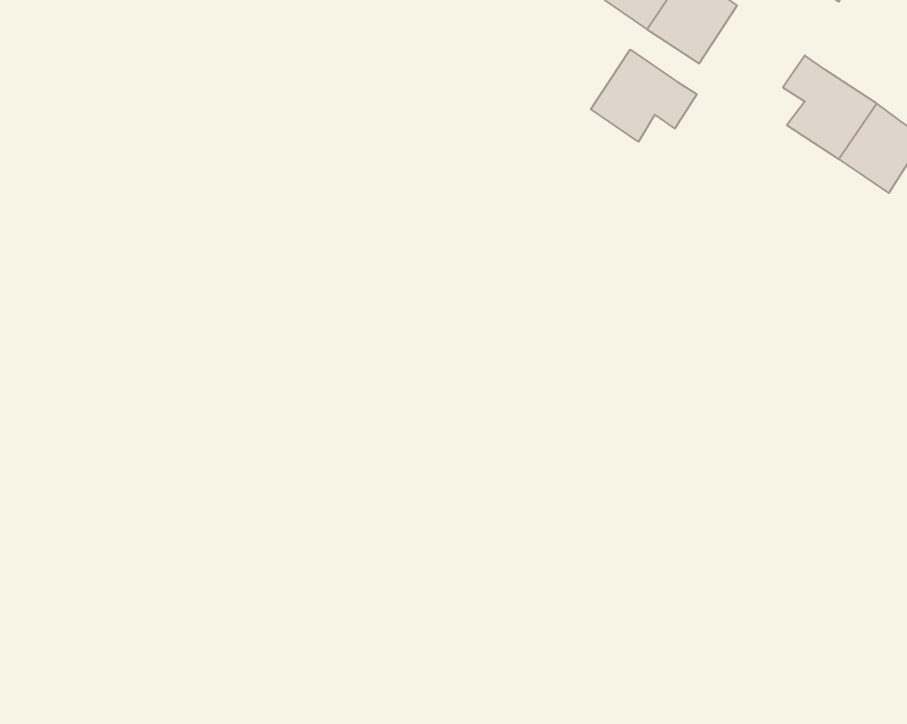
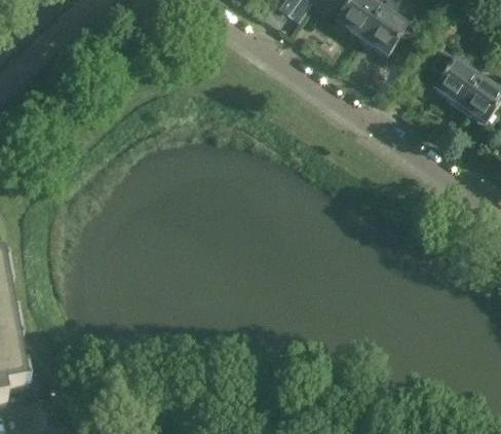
building: [591,50,697,142] -> none

